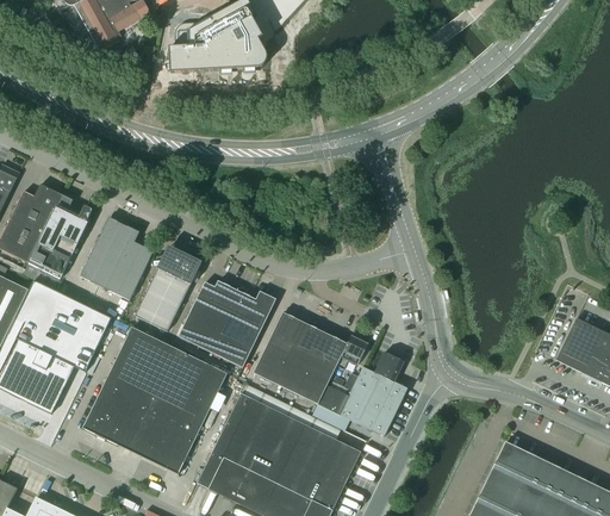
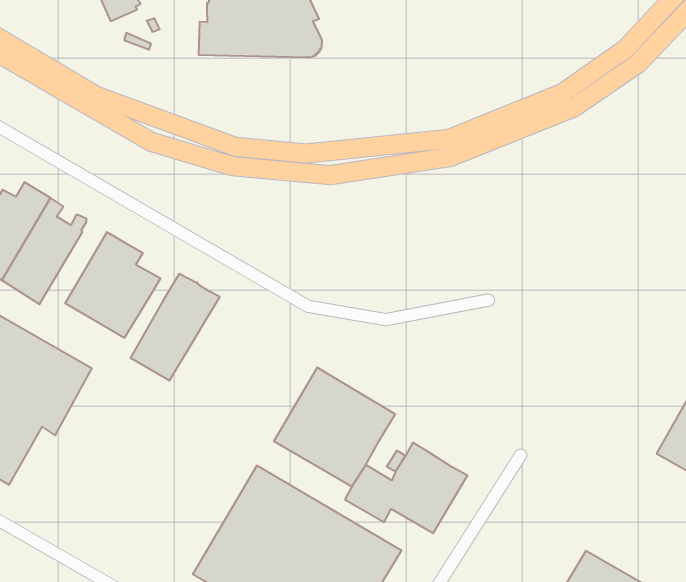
building: [178,281,275,367] -> none
building: [82,327,226,473] -> none
building: [336,336,368,369] -> none
building: [374,352,404,383] -> none

